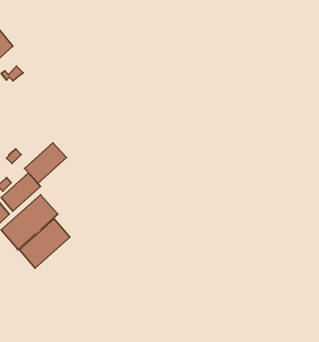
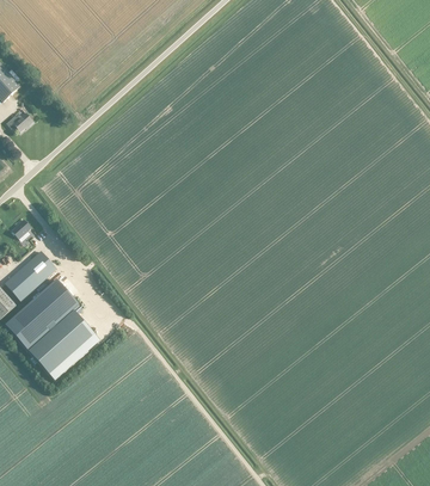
building: [24,143,67,183] -> none

